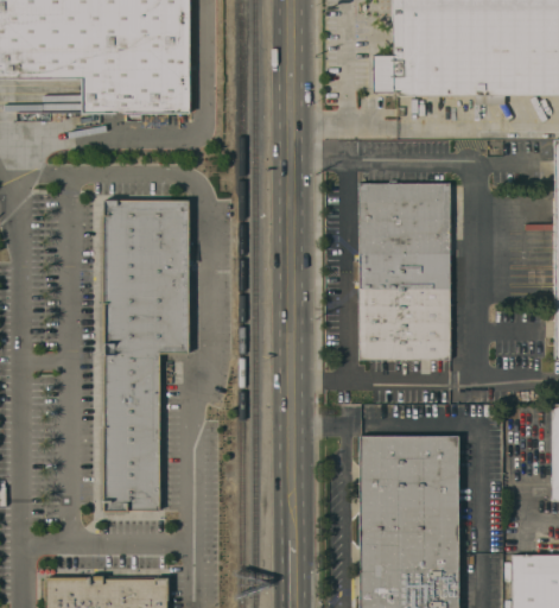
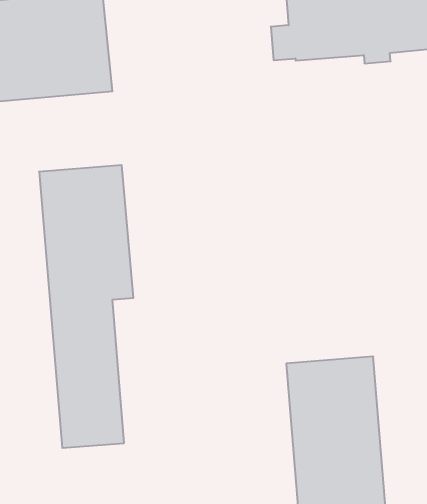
building: [355,183,458,360] -> none

